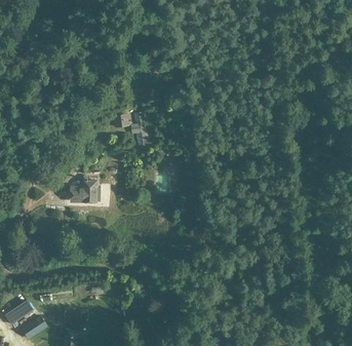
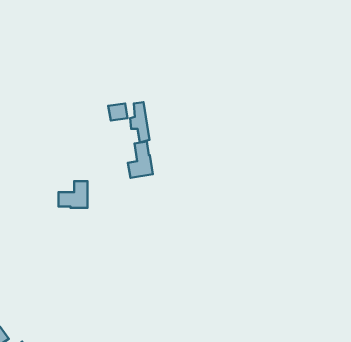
building: none -> [128,142,153,178]

